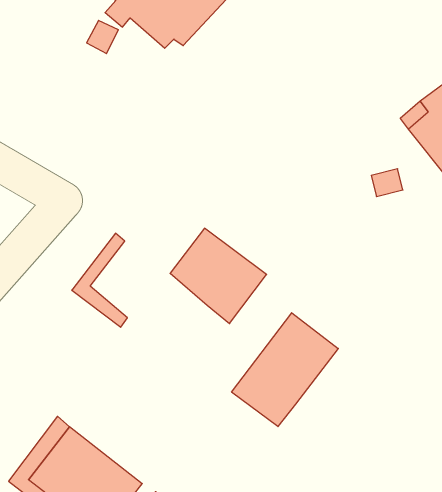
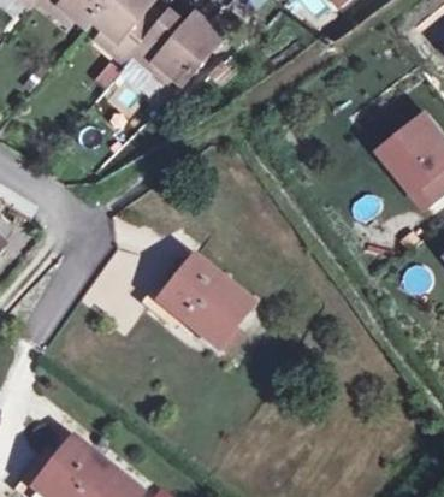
building: [72,233,127,327] -> [153,245,203,331]
building: [232,313,338,427] -> none

